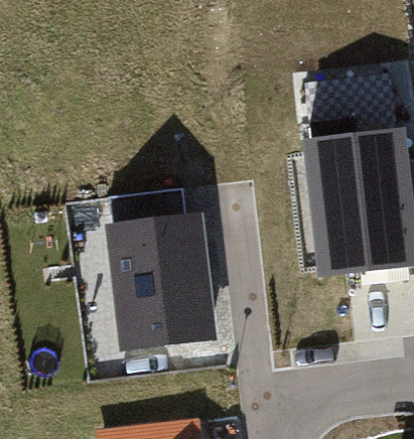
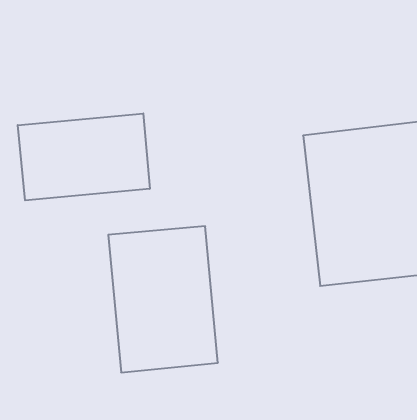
building: none -> [18,113,150,200]

